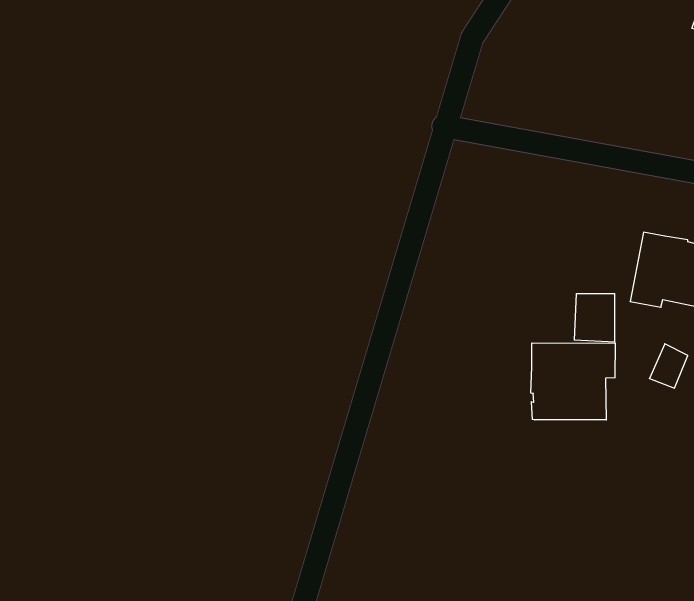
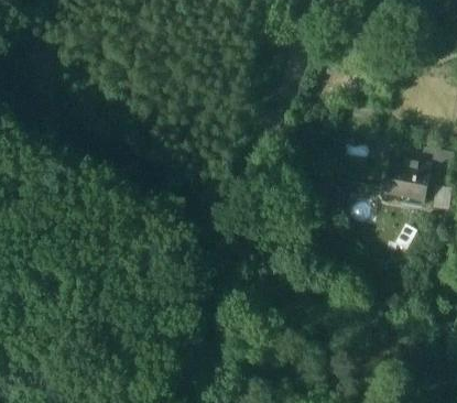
building: [531,343,615,420] -> none

